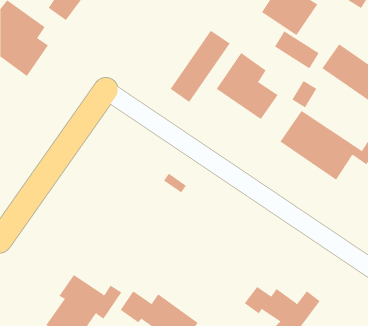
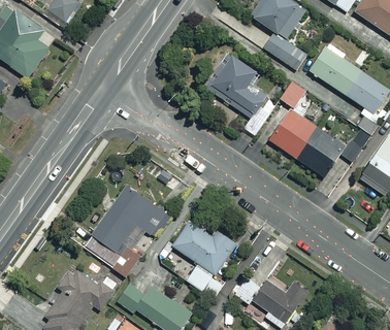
building: [170,30,230,103] -> none
building: none -> [84,186,171,276]
building: none -> [172,221,237,299]

